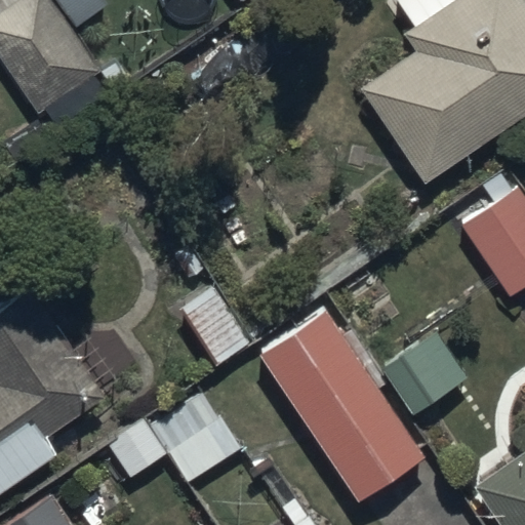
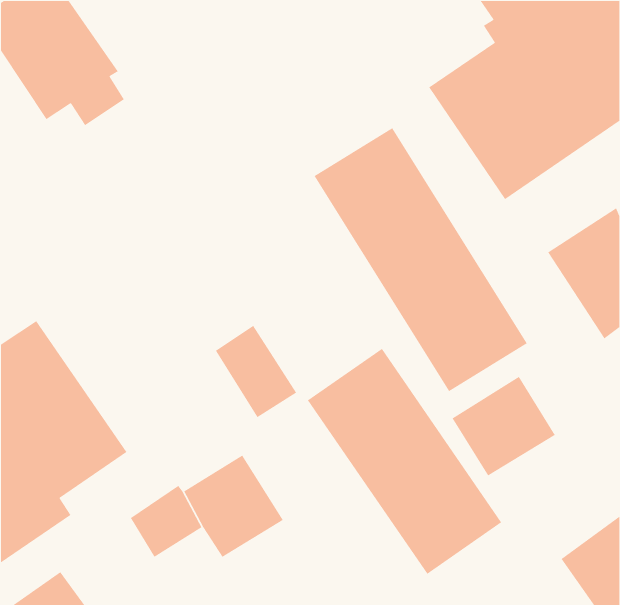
building: none -> [314,127,528,392]

